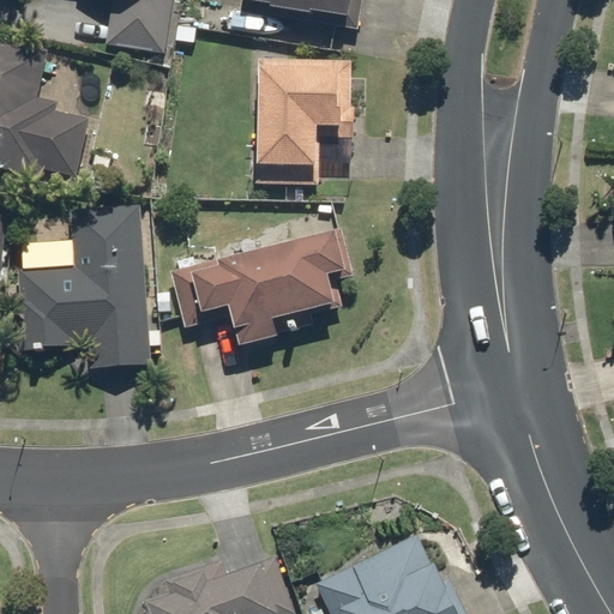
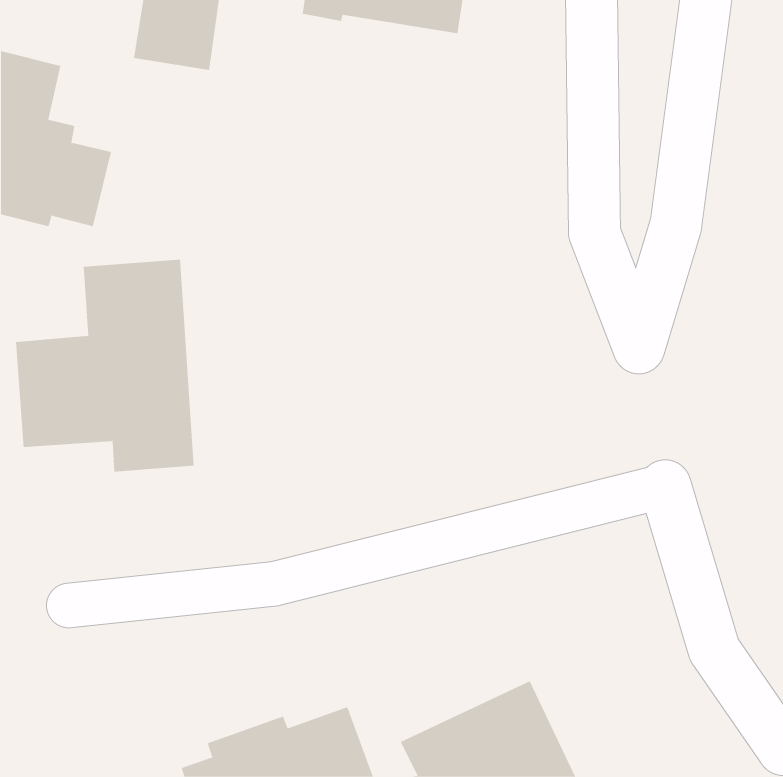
building: [253,59,353,183] -> none
building: [168,227,353,349] -> none

